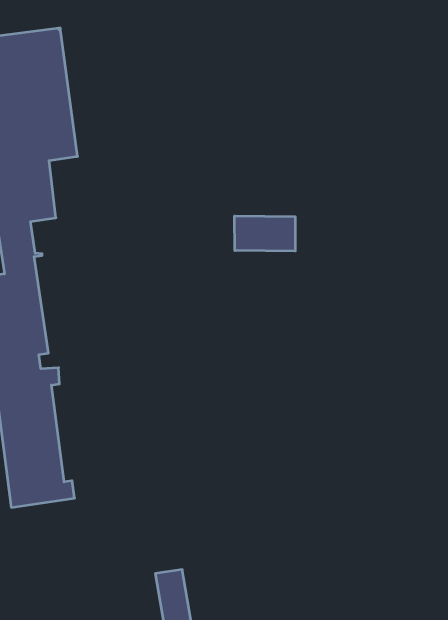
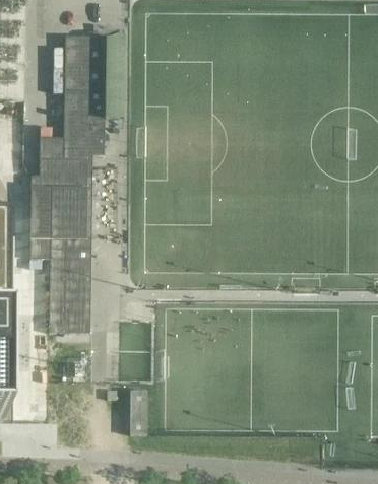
building: [235,216,295,251] -> none

